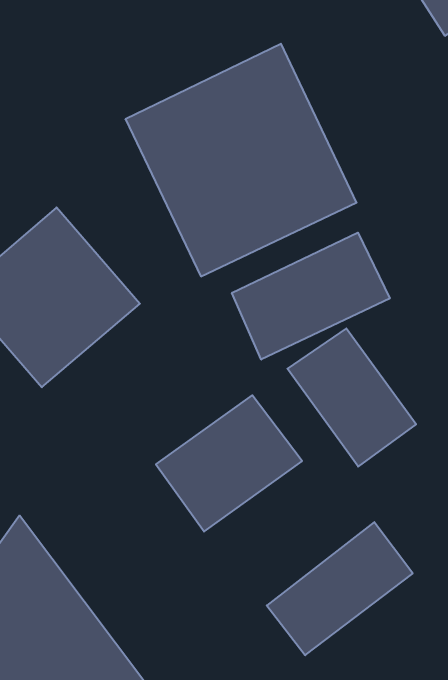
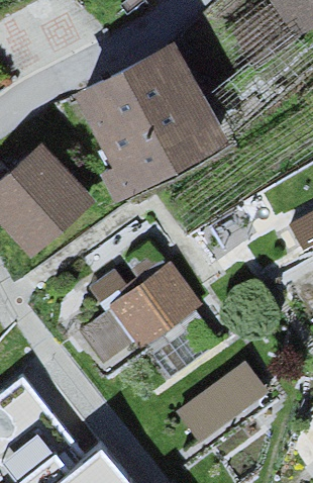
building: [232,233,390,360] -> none
building: [287,328,416,467] -> none

